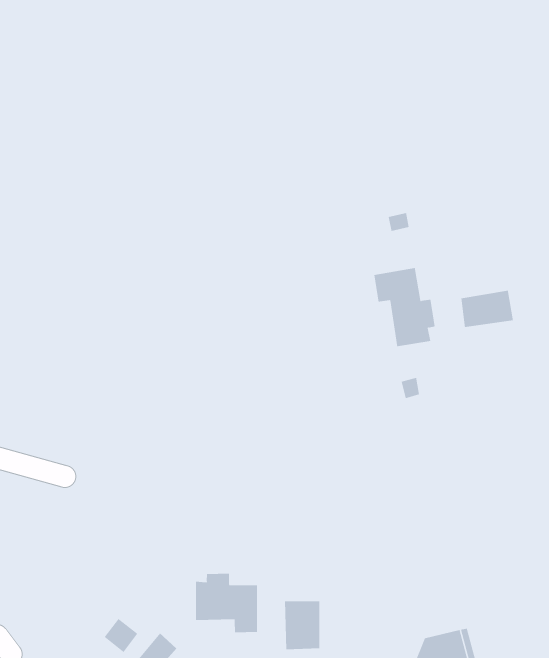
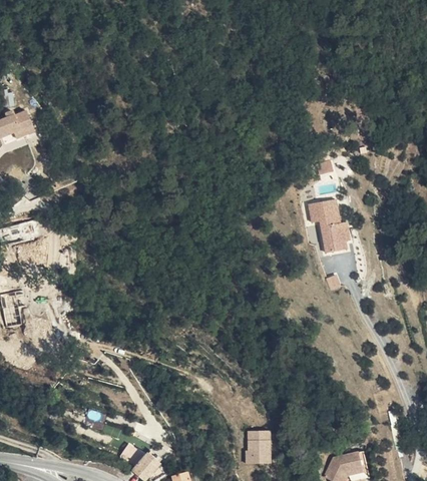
building: [461,290,513,328] -> none
building: [195,573,257,633] -> none

